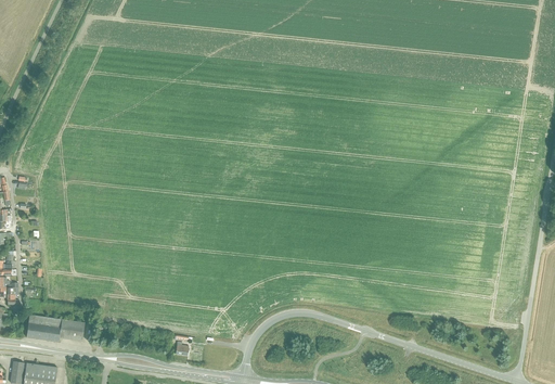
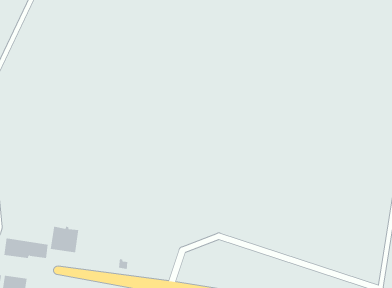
building: none -> [50,226,79,253]

